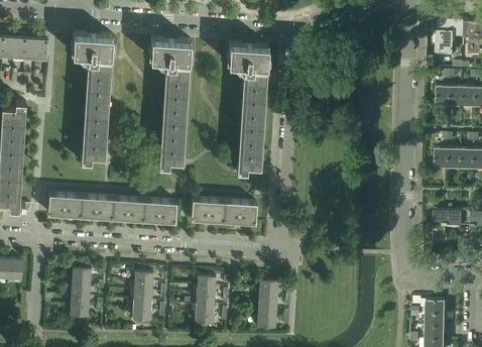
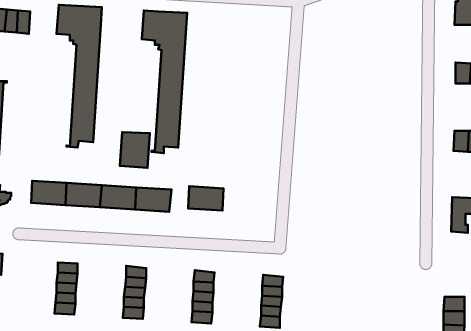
building: [227,43,268,174] -> none
building: none -> [120,132,150,168]
building: [223,201,256,223] -> none

